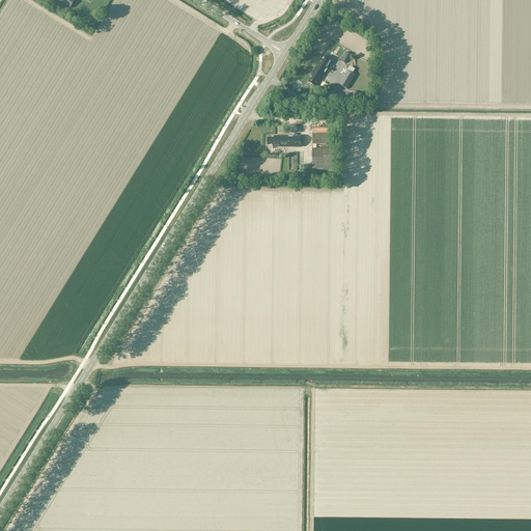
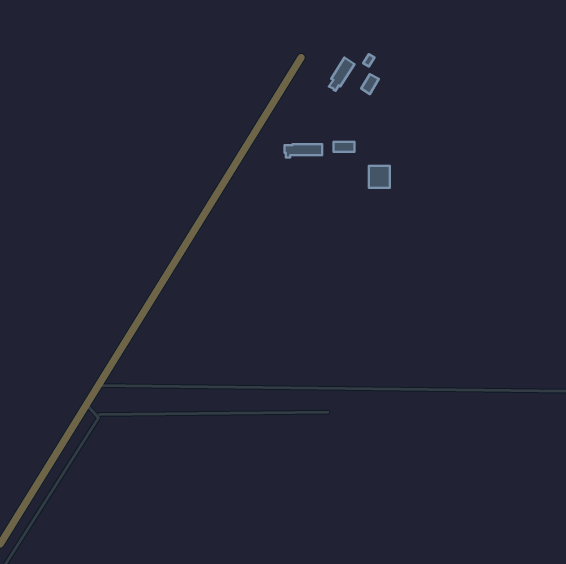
building: [312,147,332,168] -> [369,166,390,188]

